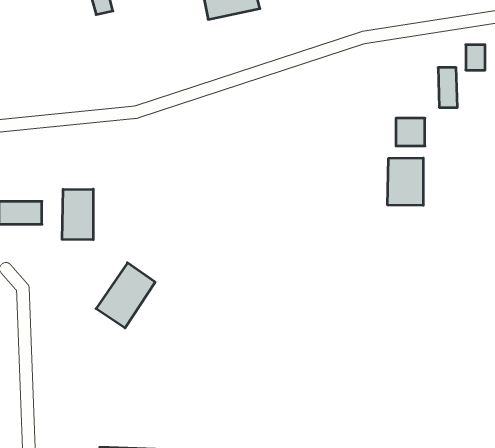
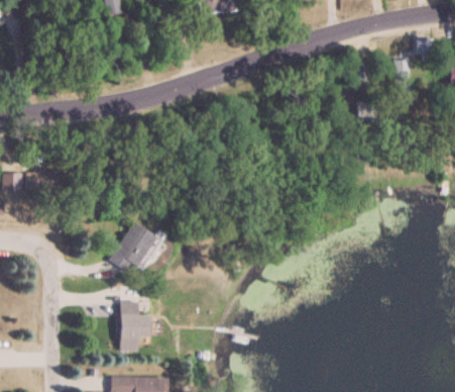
building: [388,158,423,205] -> none
building: [62,189,93,240] -> none
building: none -> [119,302,147,352]

